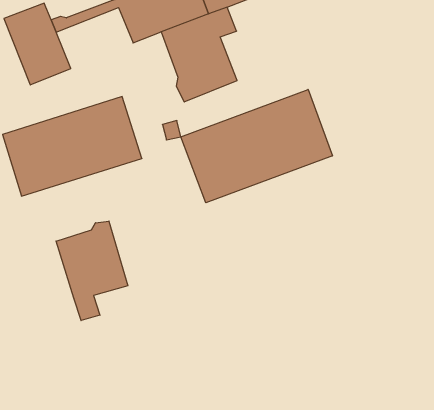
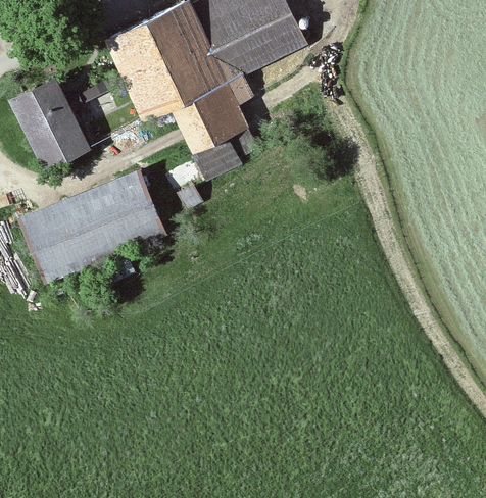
building: [181,89,332,203] -> none
building: [56,221,128,321] -> none

